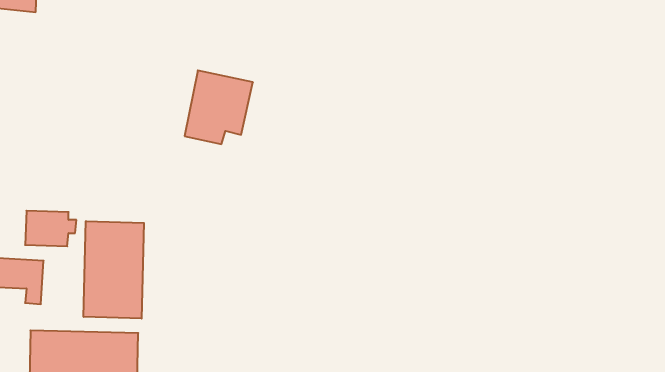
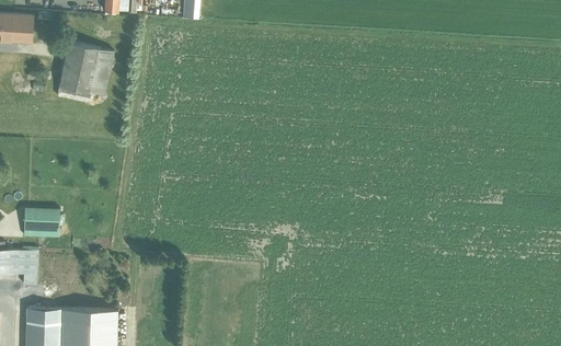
building: [185,70,253,144] -> [57,43,114,104]
building: [84,221,144,319] -> none

